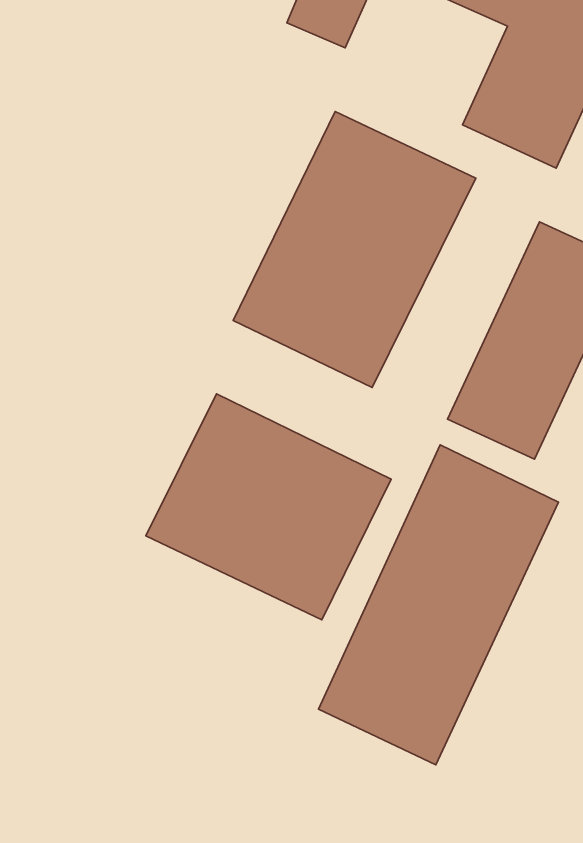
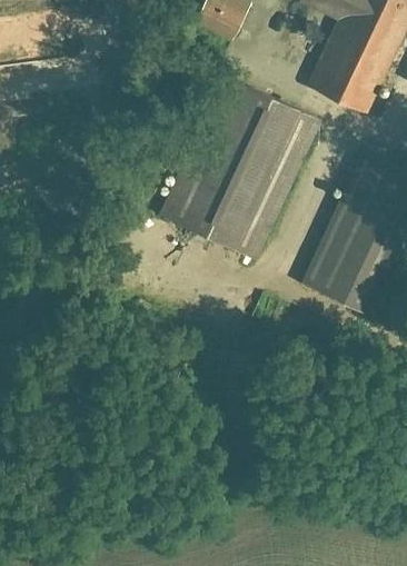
building: [146,394,391,620] -> none
building: [318,445,558,765] -> none

